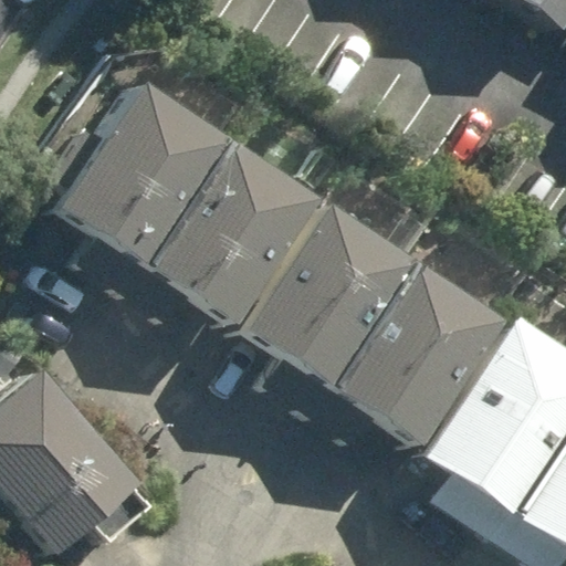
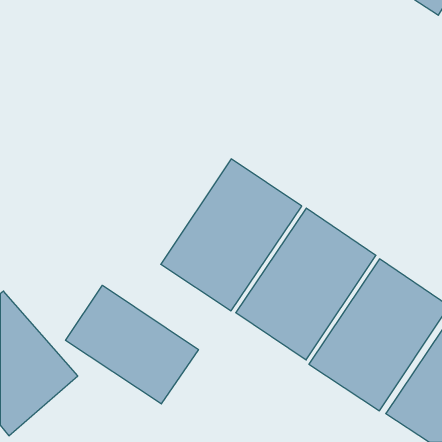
building: [29,74,202,261] -> none
building: [120,134,294,322] -> none
building: none -> [66,285,198,404]

